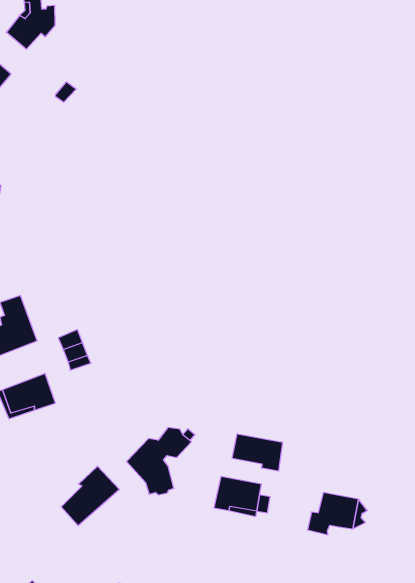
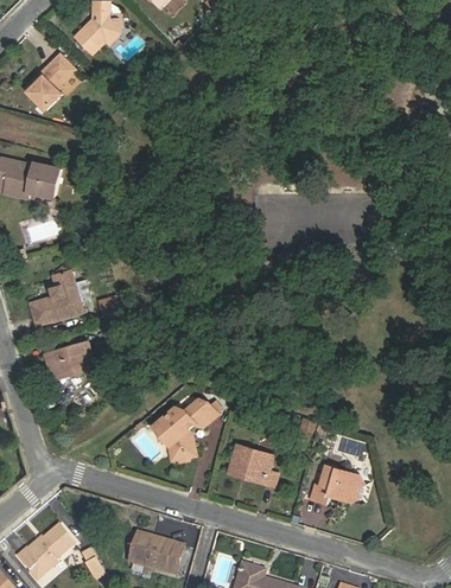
building: [232,434,282,471] -> none
building: [61,466,119,526] -> none

